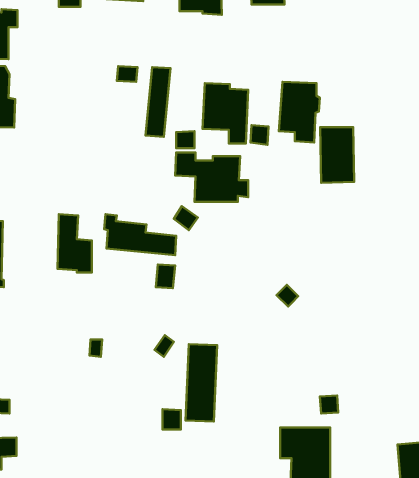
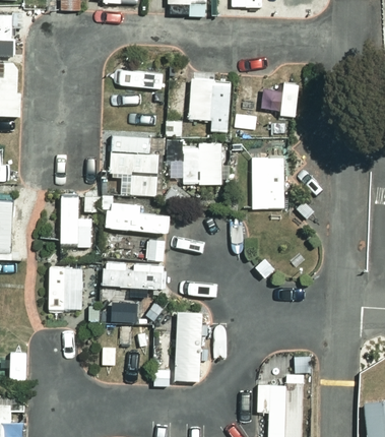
building: [320,127,354,183] -> [253,159,283,208]
building: none -> [109,136,157,195]
building: none -> [101,261,165,297]
building: none -> [48,266,82,310]

